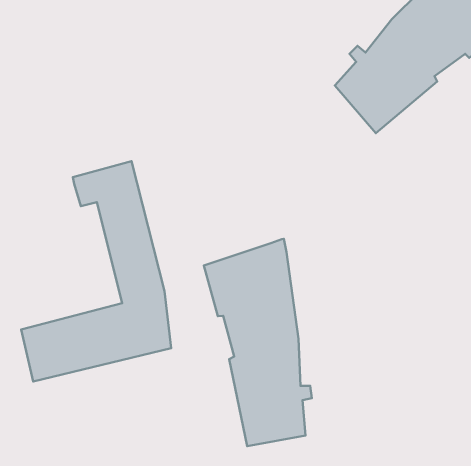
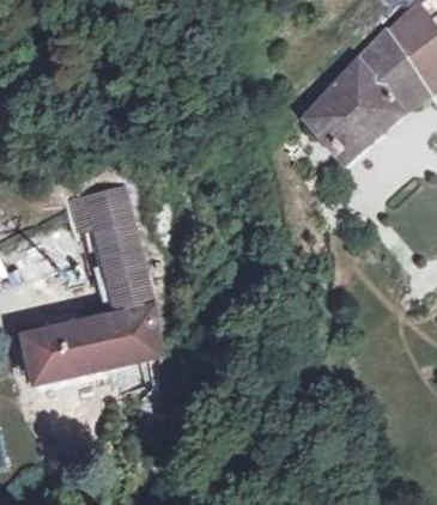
building: [204,239,312,446] -> none

